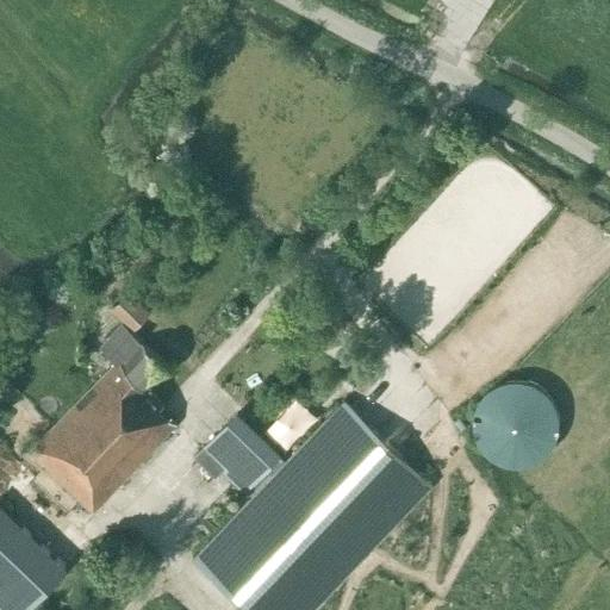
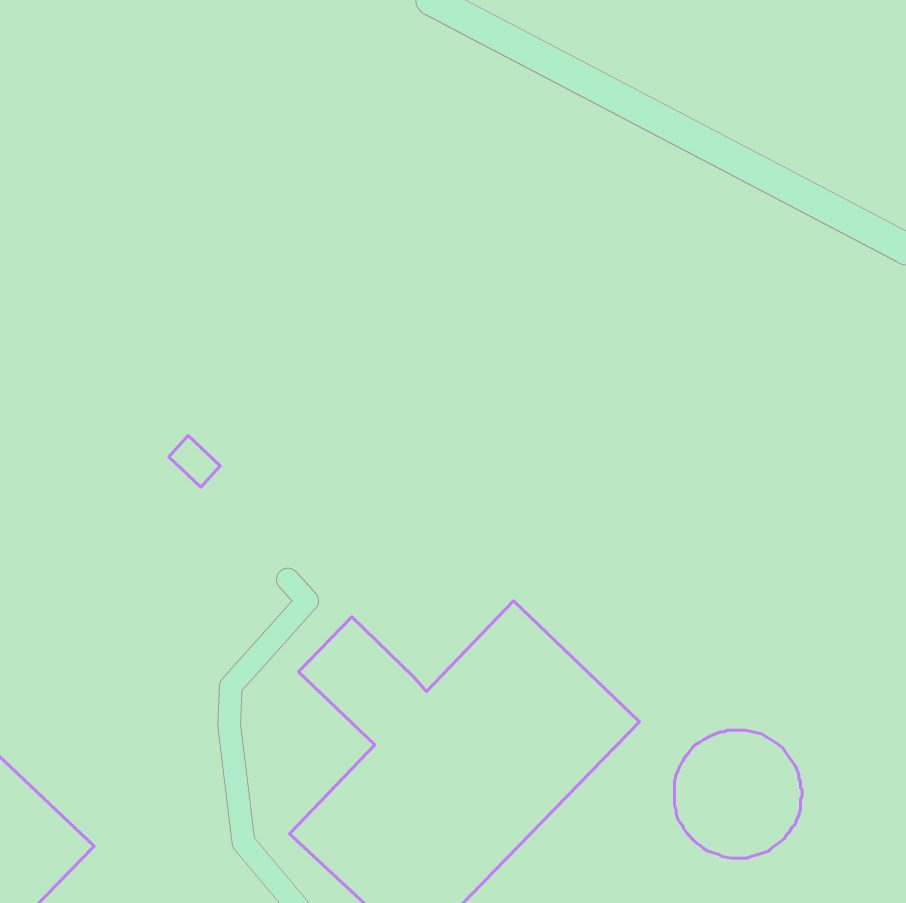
building: [29,328,175,516] -> none
building: [472,381,558,467] -> [674,730,802,858]

